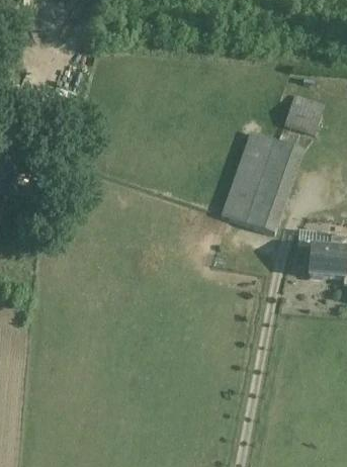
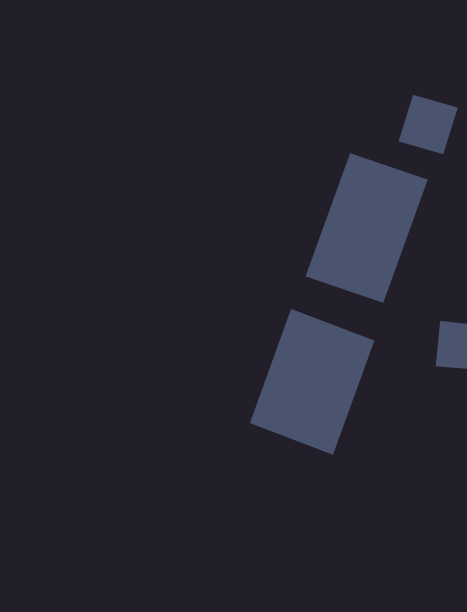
building: none -> [249,308,375,456]

